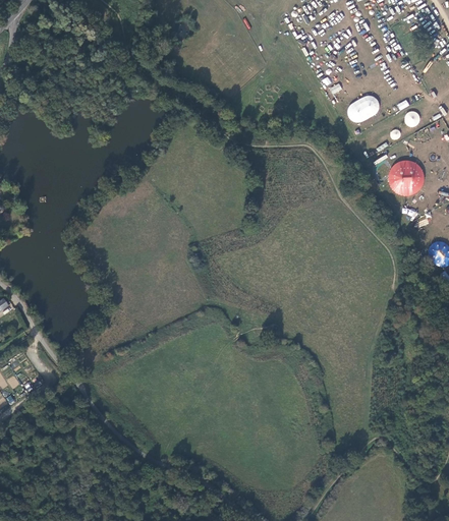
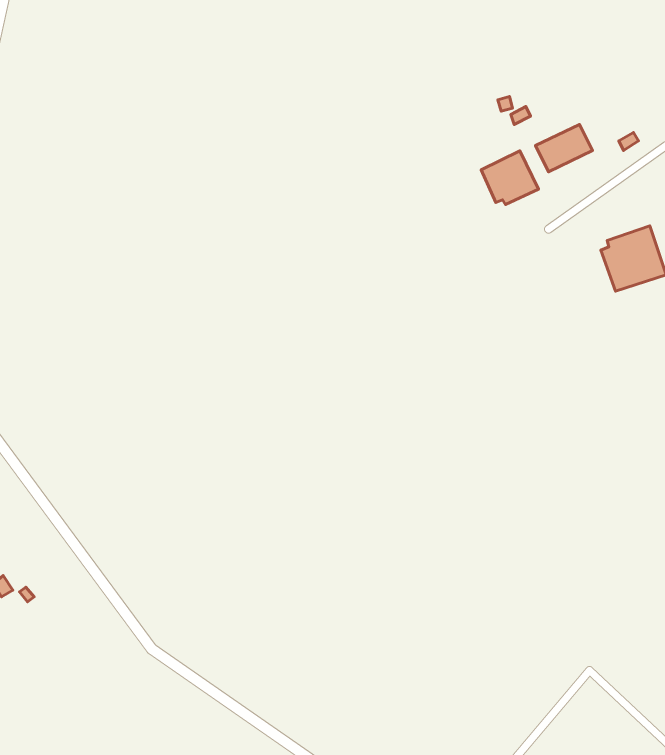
building: none -> [481,151,538,205]

